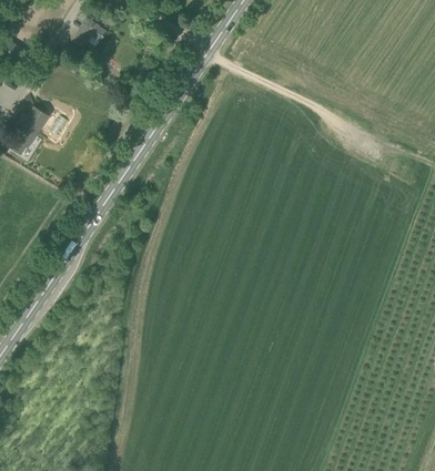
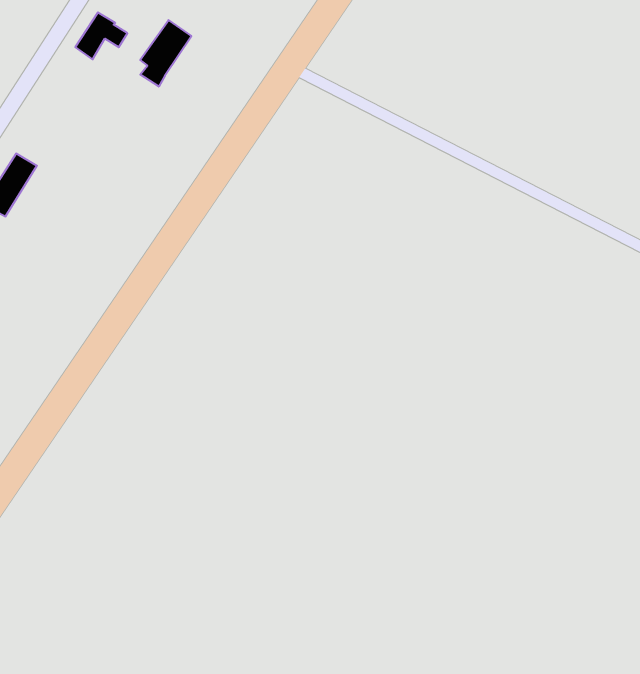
building: none -> [140,20,191,87]

